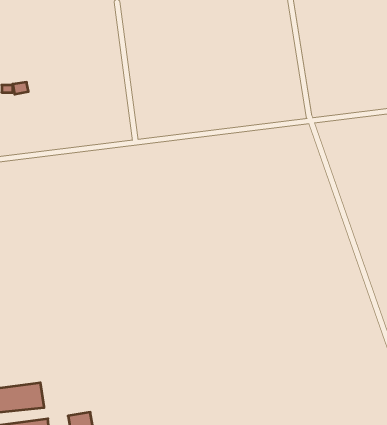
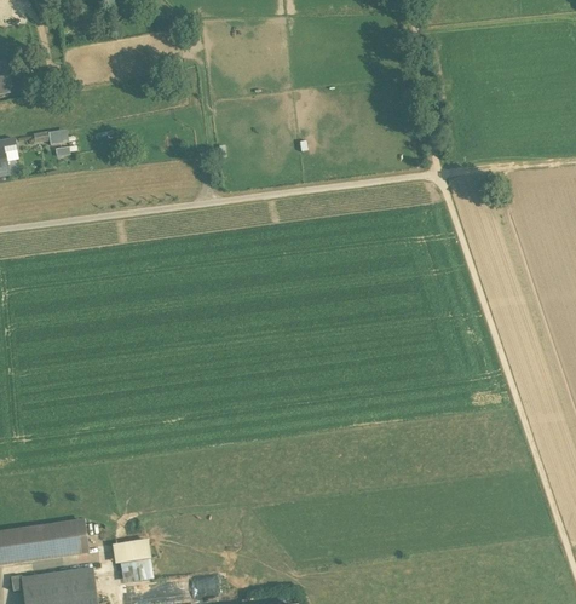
building: none -> [108,537,148,564]

